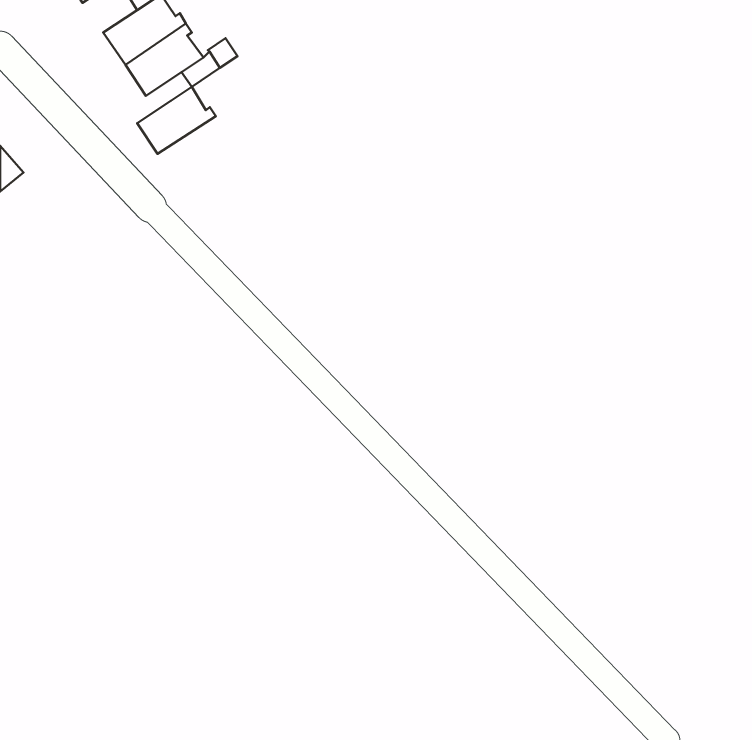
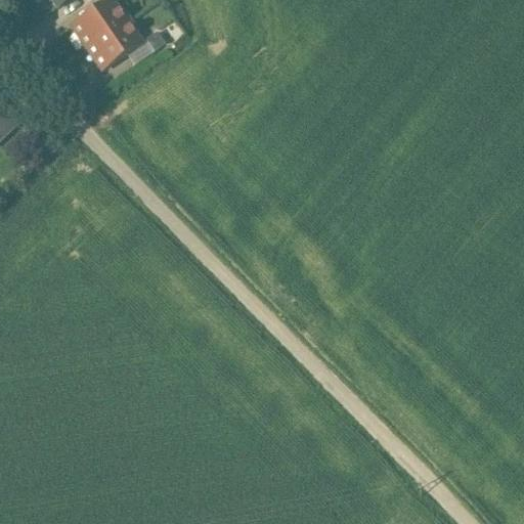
building: [137,87,216,154] -> none

